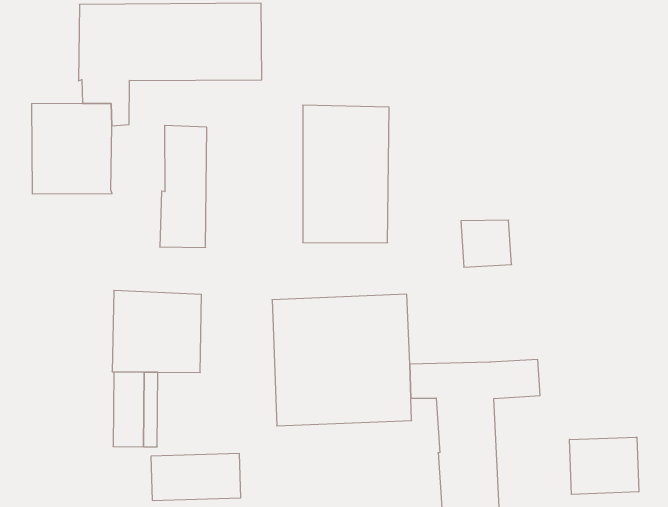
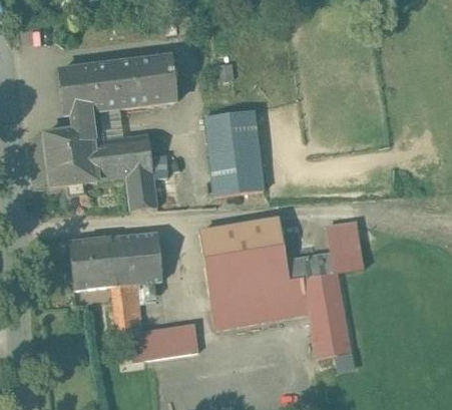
building: none -> [91,136,127,178]
building: [461,220,512,267] -> [327,222,360,253]
building: none -> [69,238,109,290]
building: none -> [210,278,309,326]
building: [569,437,639,494] -> none

